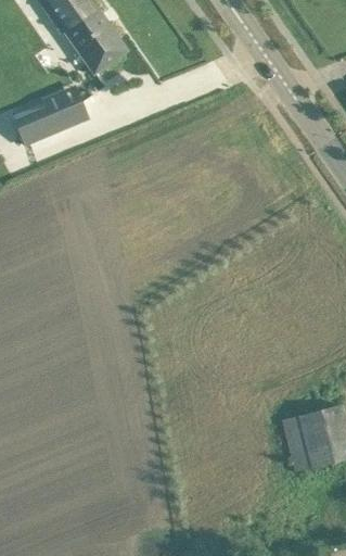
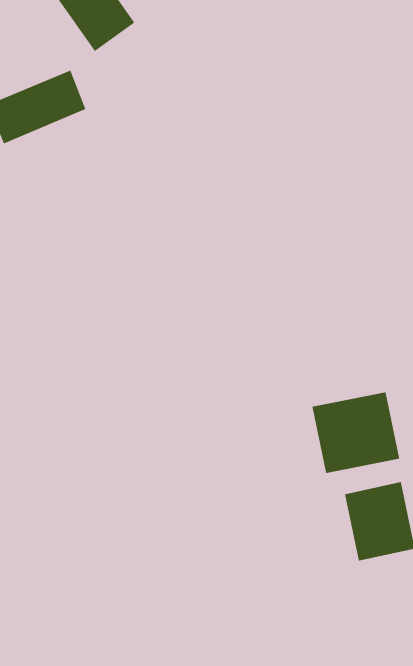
building: none -> [312,391,400,474]

